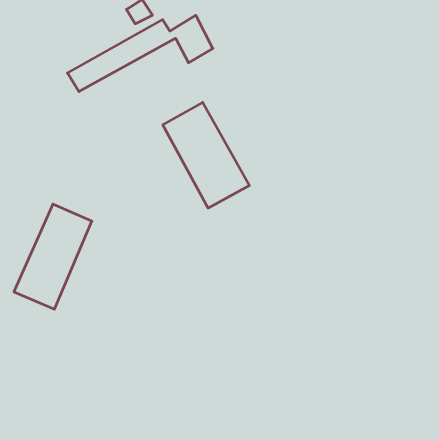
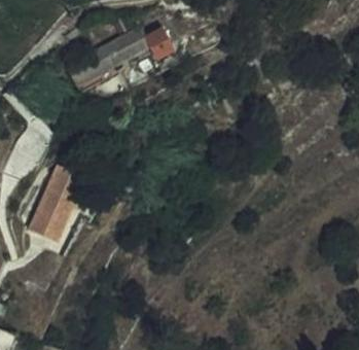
building: [163,102,249,208] -> none

